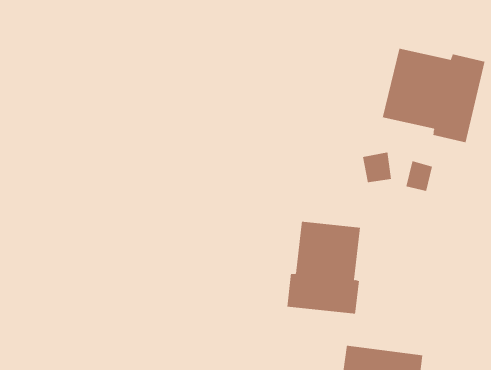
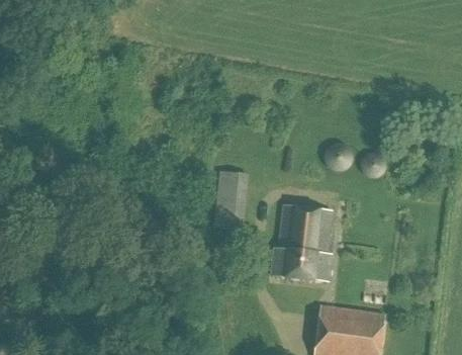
building: [382,48,485,143] -> none
building: none -> [213,171,248,231]

